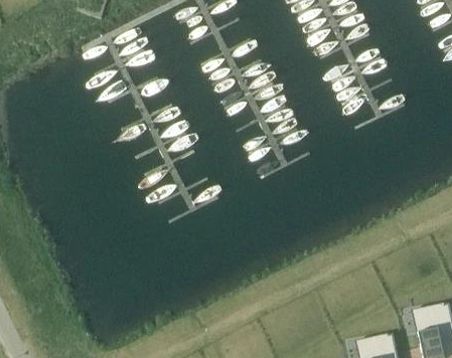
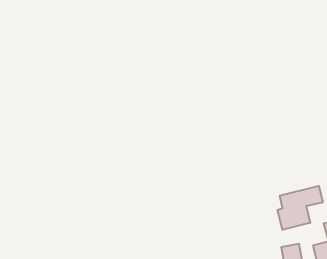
building: none -> [278,186,323,230]

